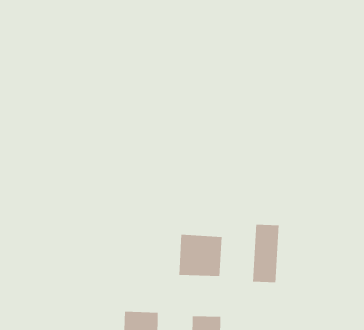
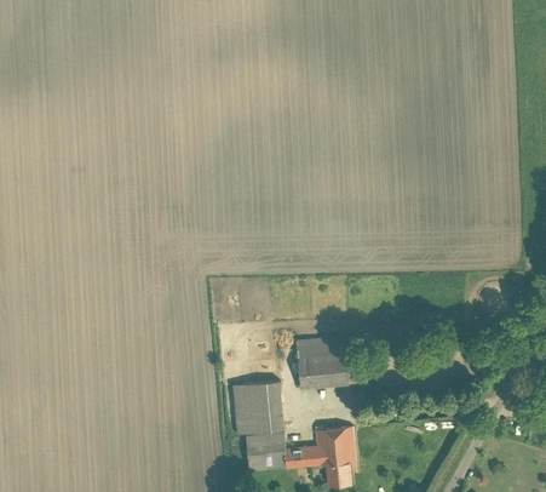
building: [252,224,279,283] -> none
building: none -> [232,383,281,431]

